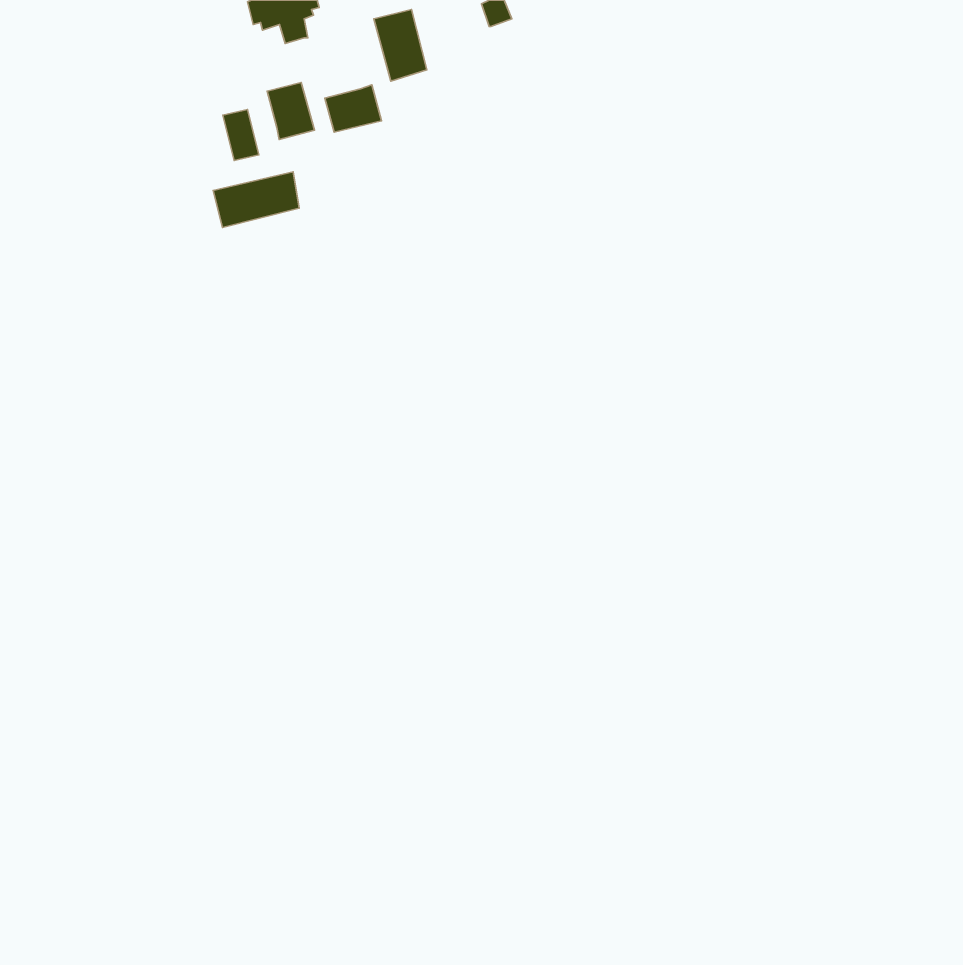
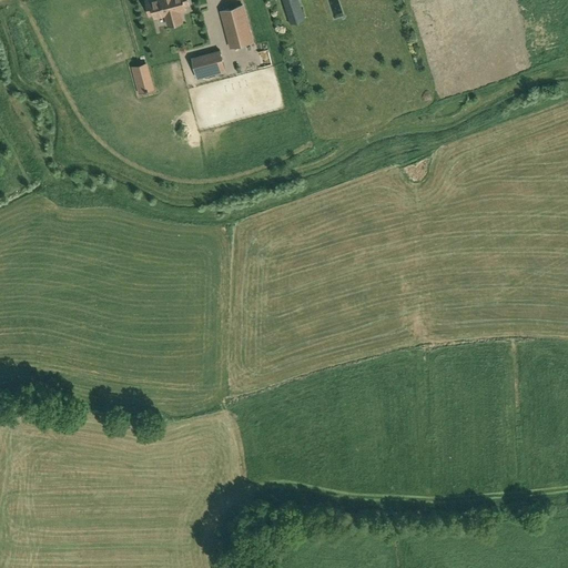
building: [267,83,315,139] -> none
building: [213,172,299,227] -> none

